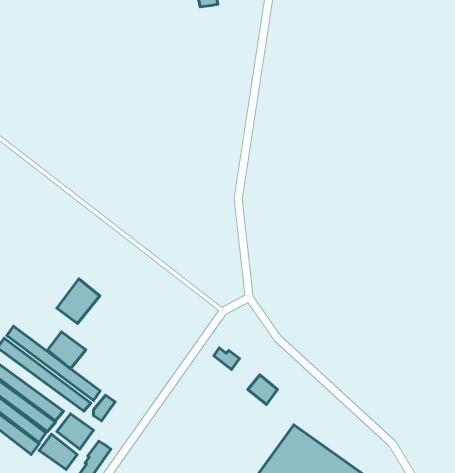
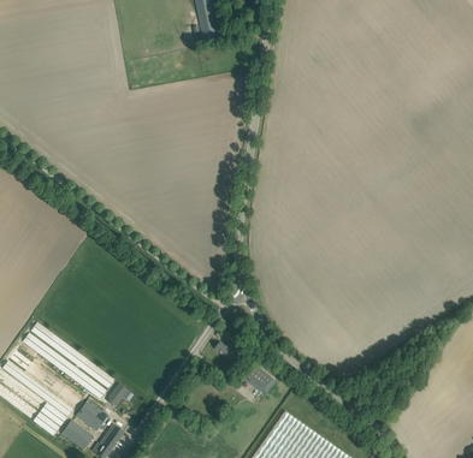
building: [57,279,100,324] -> none
building: [48,332,86,369] -> none

